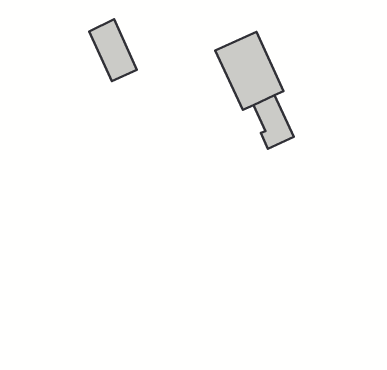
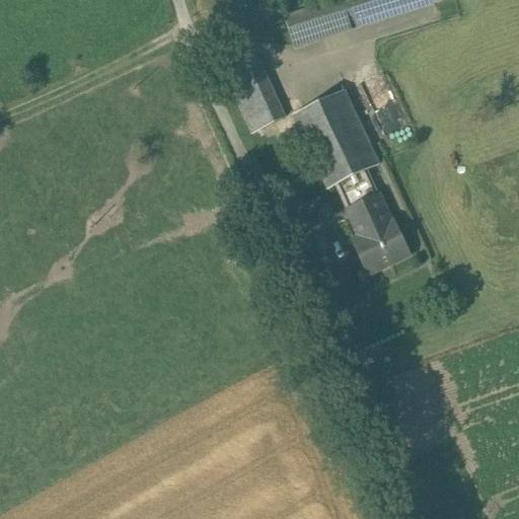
building: [89,19,137,81] -> [225,55,285,132]
building: none -> [358,220,411,274]

